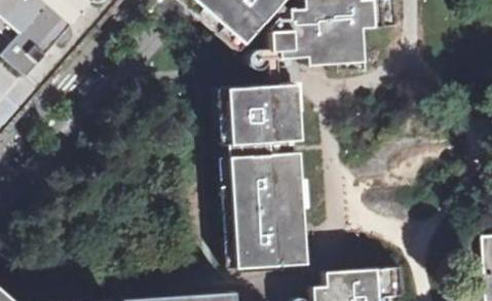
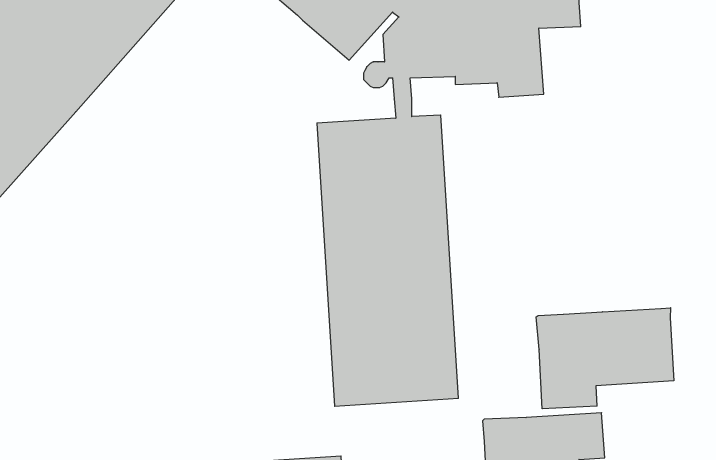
building: none -> [536,308,674,409]

